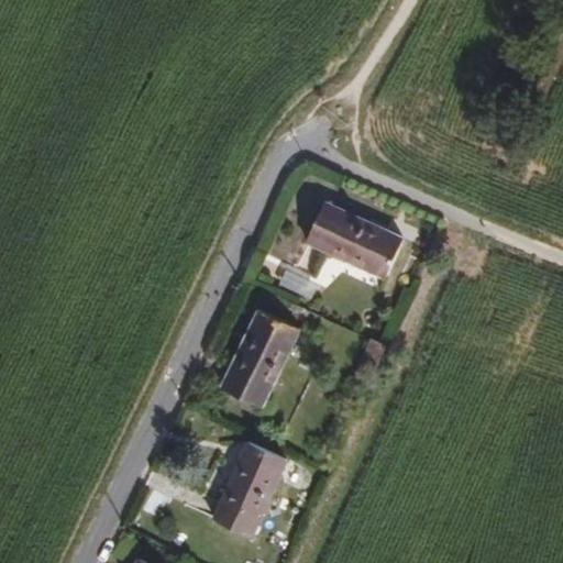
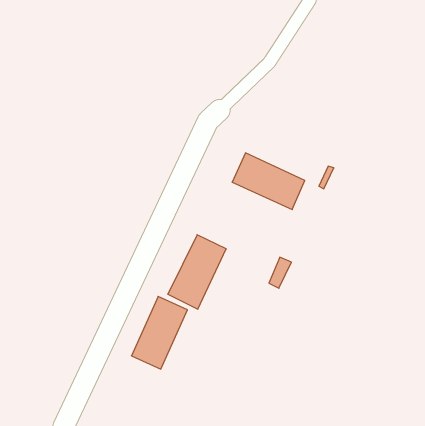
building: [212,442,286,538] -> [131,296,187,369]

